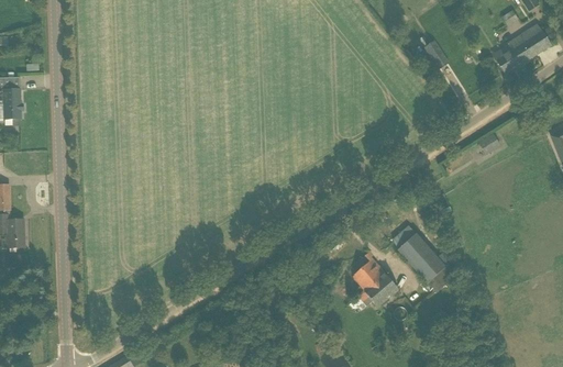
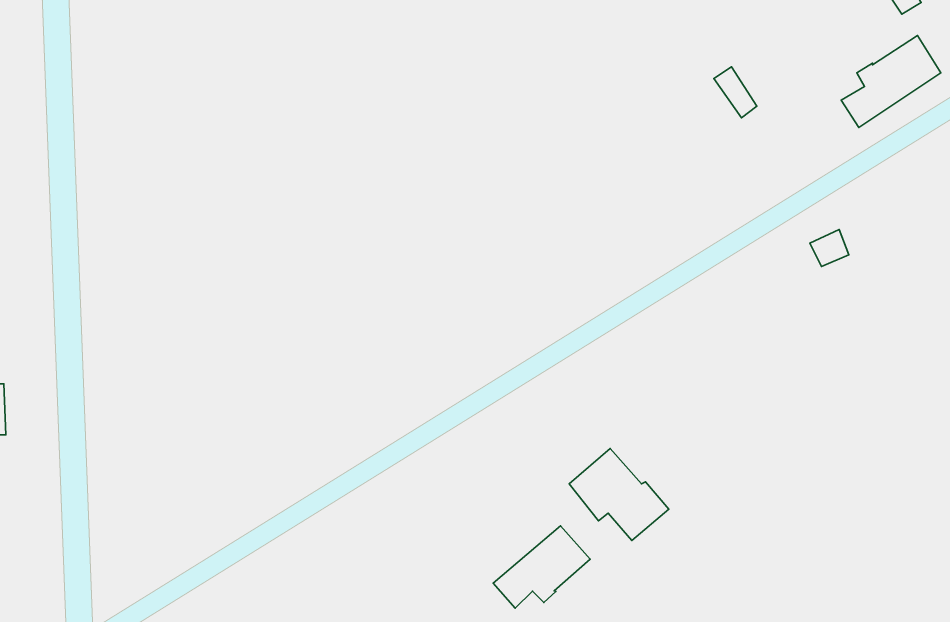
building: [397,232,445,281] -> none
building: none -> [493,526,590,608]

